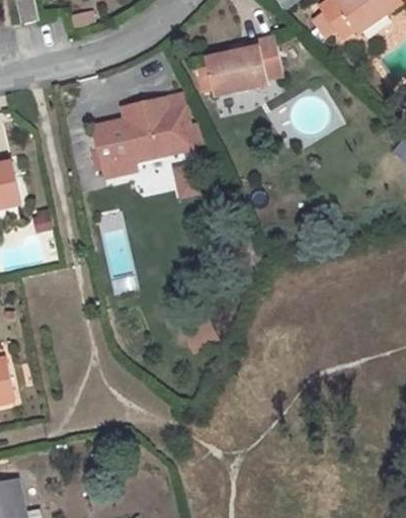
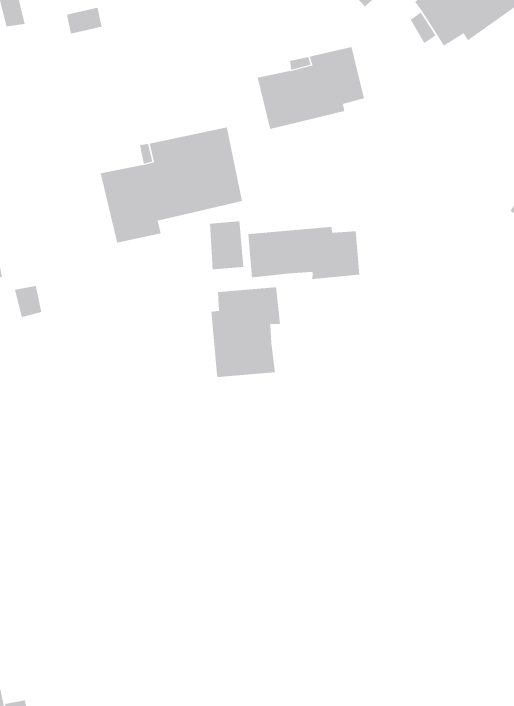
building: none -> [248,226,360,280]
building: none -> [211,286,280,378]

